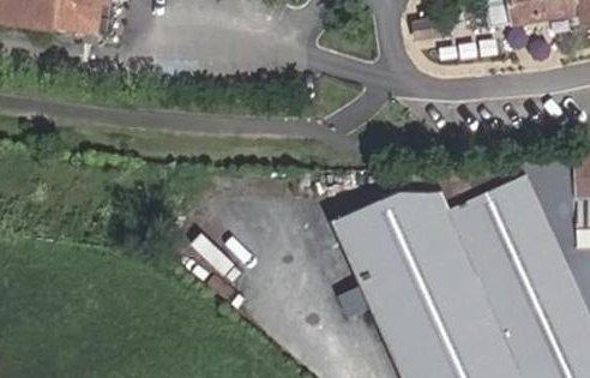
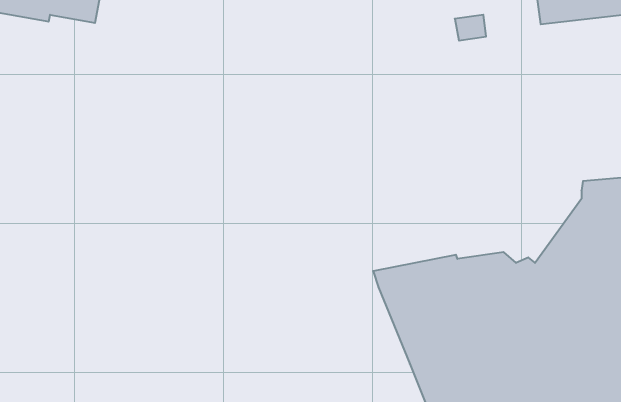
building: [336,173,529,244] -> none

